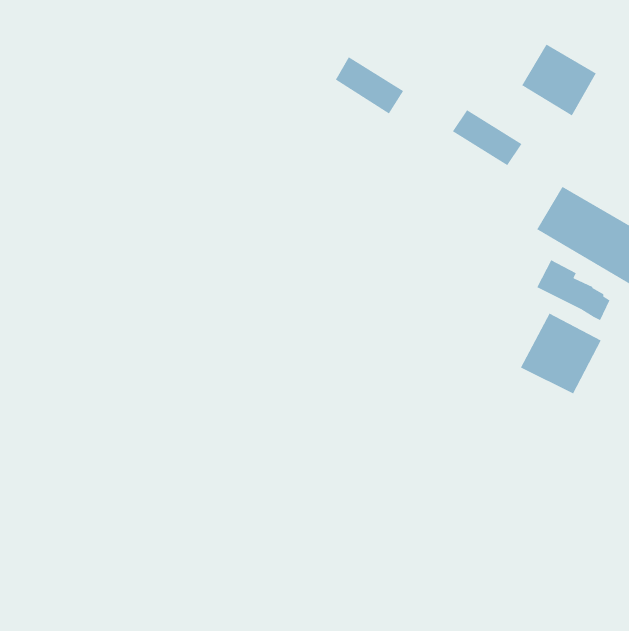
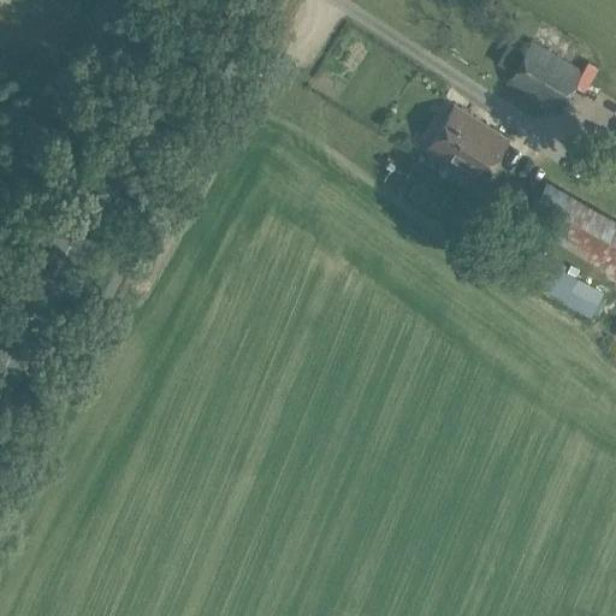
building: [335,56,404,114] -> [430,130,497,186]
building: [520,313,602,394] -> none

